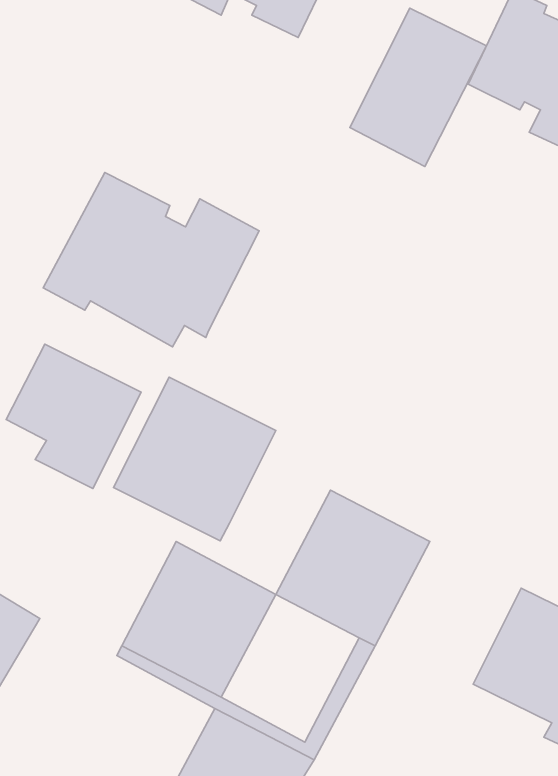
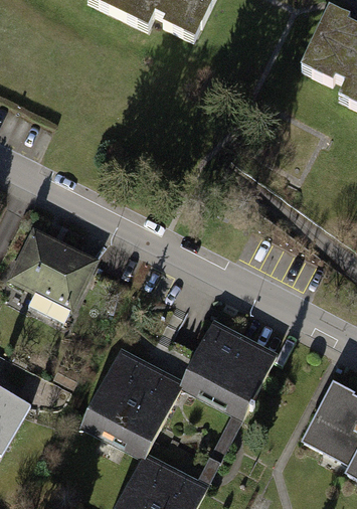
building: [350,8,486,167] -> none
building: [43,172,259,347] -> none
building: [113,377,276,541] -> none

